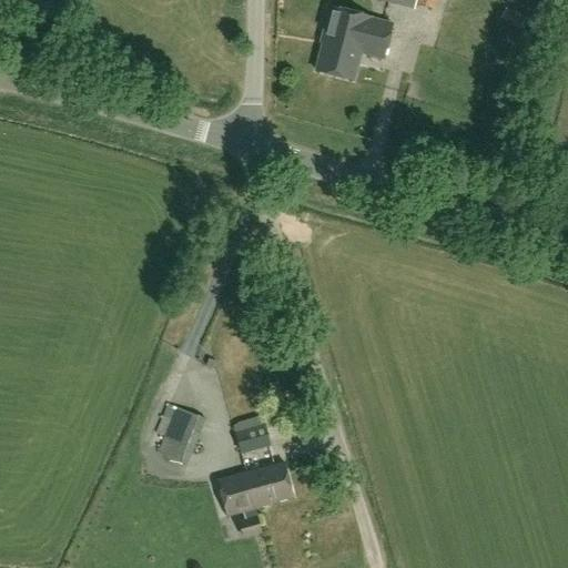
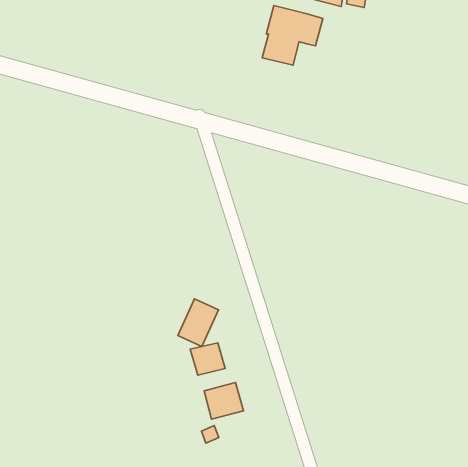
building: [159,403,207,460] -> [178,299,218,347]
building: [217,471,255,514] -> none

